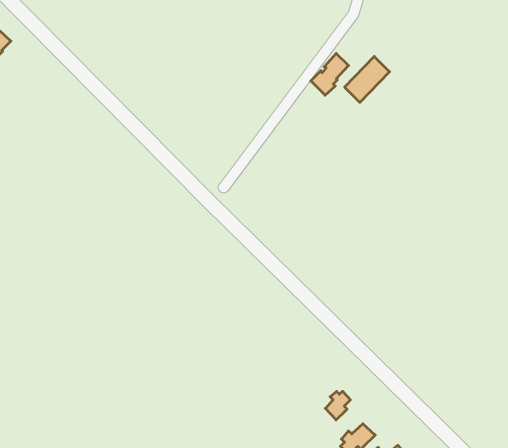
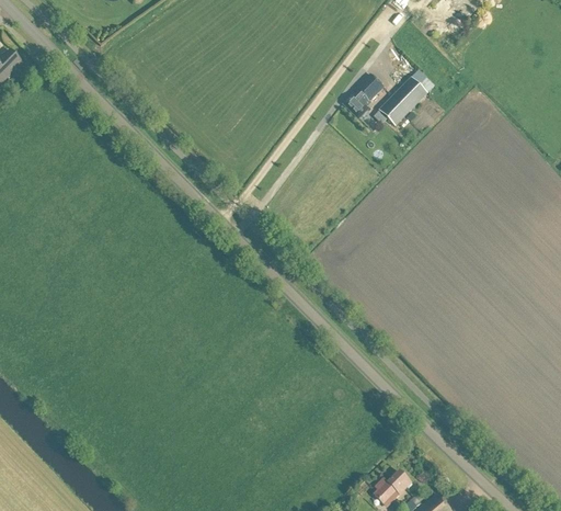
building: [325,391,350,420] -> none

